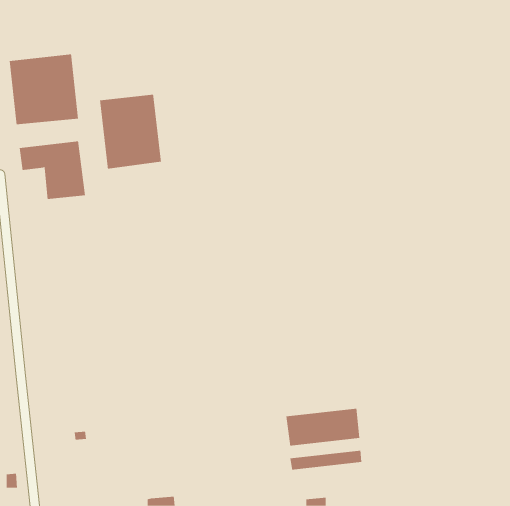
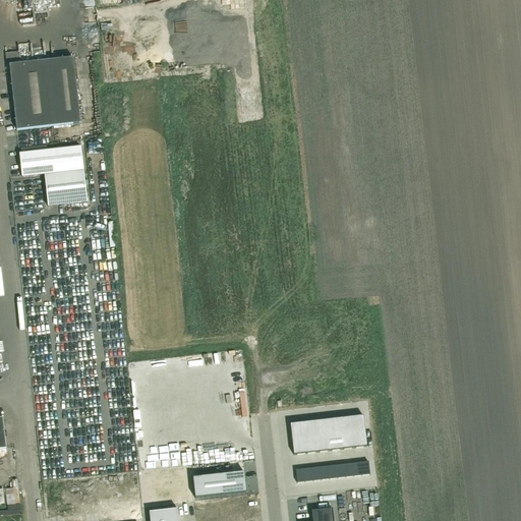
building: [99,94,162,169] -> none
building: none -> [191,470,246,497]

